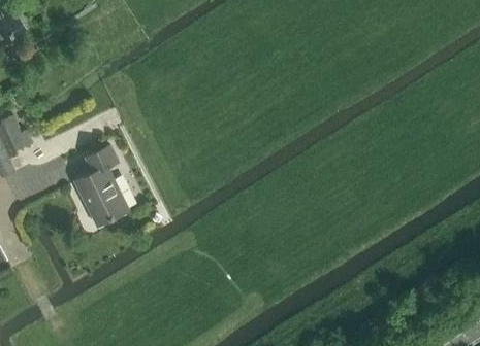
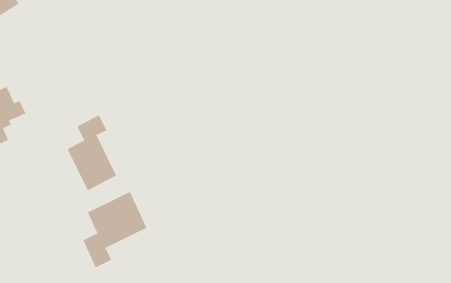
building: none -> [83,191,147,268]

